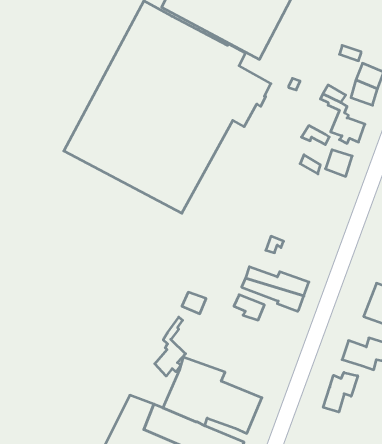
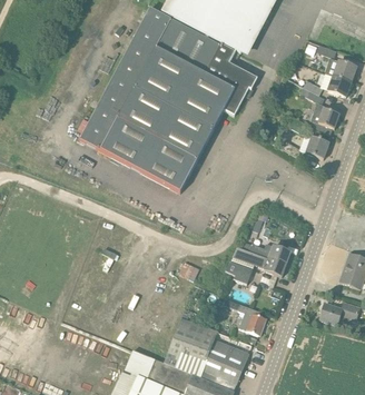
building: [155,317,186,376] -> none
building: none -> [238,304,267,335]
building: [323,372,358,412] -> none

